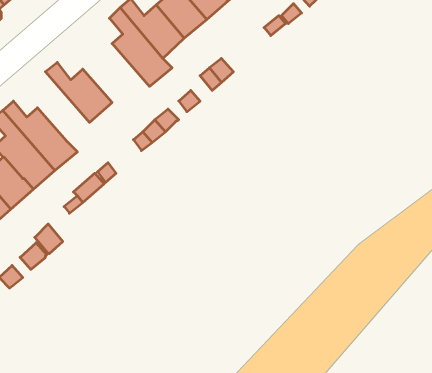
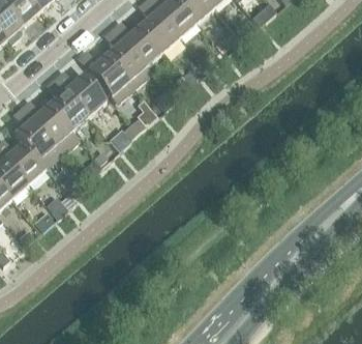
building: none -> [78,50,135,104]
building: none -> [47,77,89,131]

